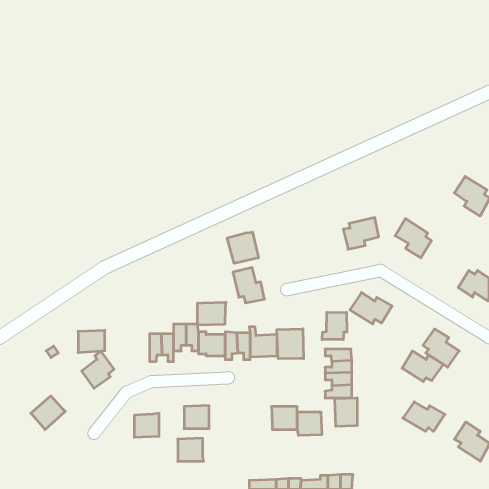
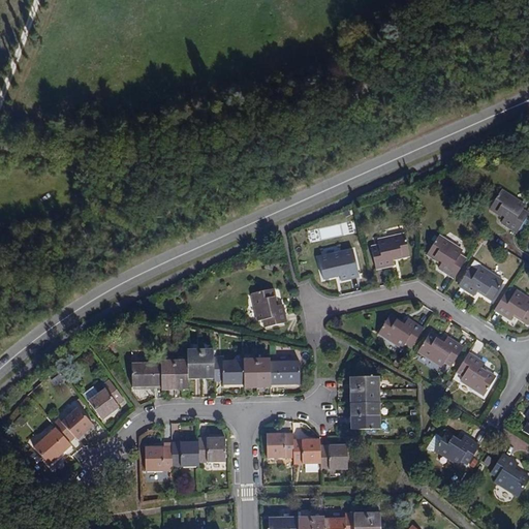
building: [227,232,258,263] -> none
building: none -> [317,252,359,281]
building: none -> [458,267,502,300]
building: [198,302,226,325] -> none
building: [322,312,347,340] -> none
building: [277,329,304,359] -> none
building: [78,330,105,353] -> [132,363,161,386]
building: [402,351,443,382] -> [417,334,462,367]
building: none -> [52,406,93,441]
building: [335,398,357,426] -> none
building: none -> [267,433,293,458]
building: [178,438,204,461] -> [172,441,199,466]

